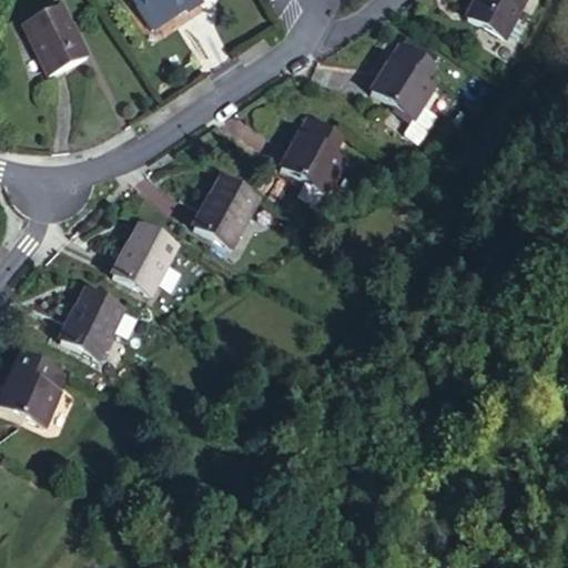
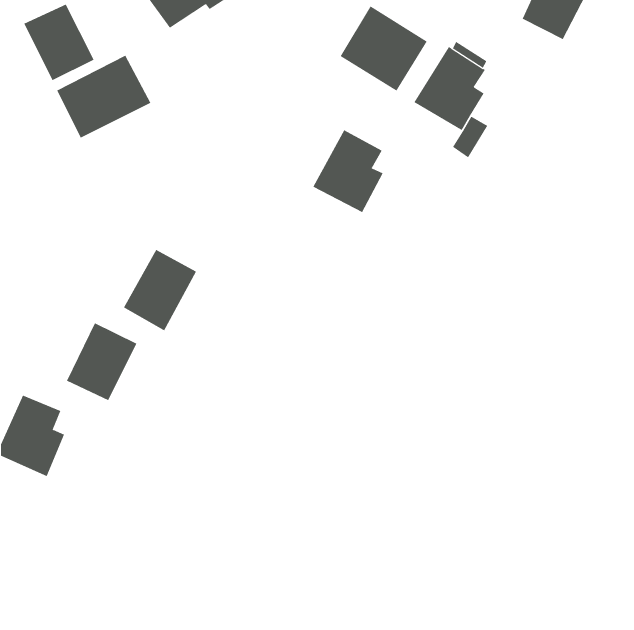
building: none -> [340,5,428,91]
building: none -> [56,55,151,138]
building: [193,175,258,246] -> none

